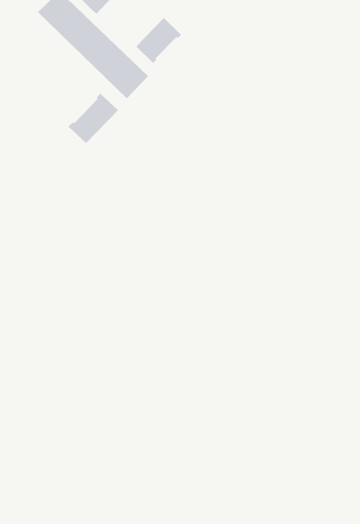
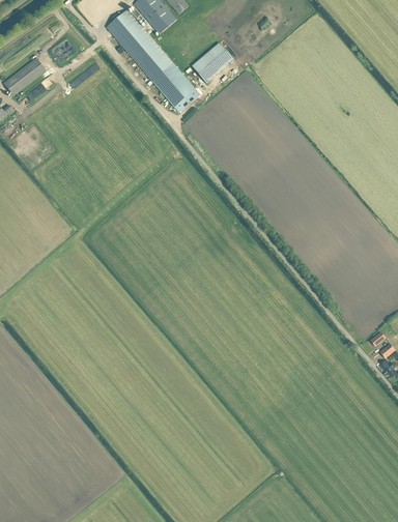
building: [67,93,119,144] -> none

